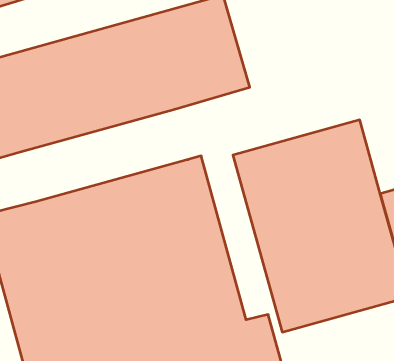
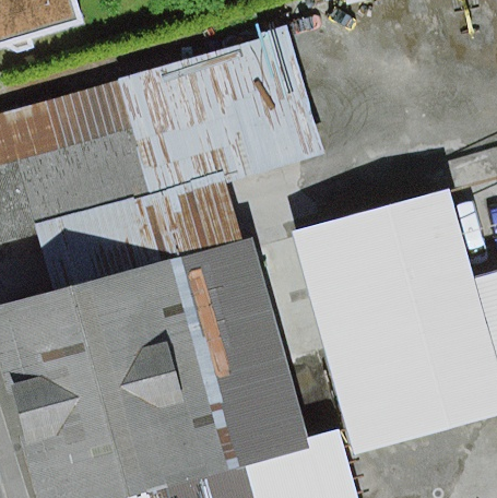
building: none -> [32,175,238,289]

